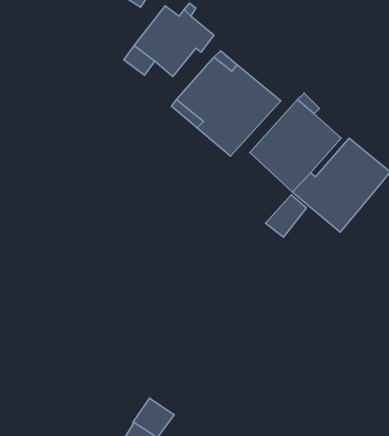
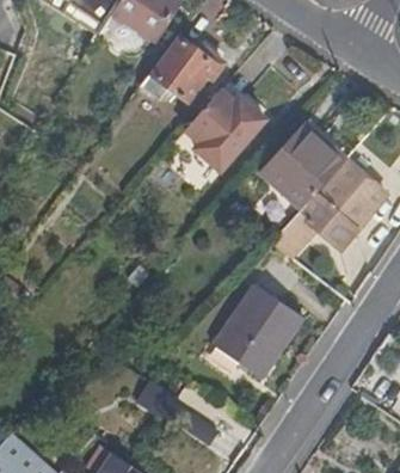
building: none -> [215,283,307,377]

